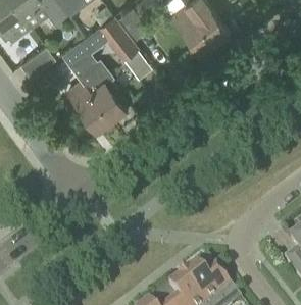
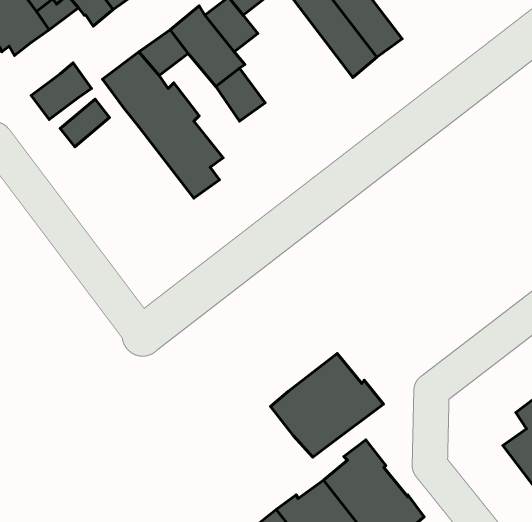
building: [66,81,111,132] -> none
building: none -> [270,354,383,457]

